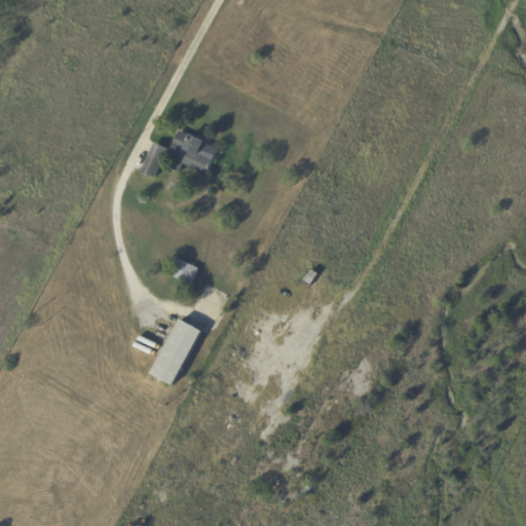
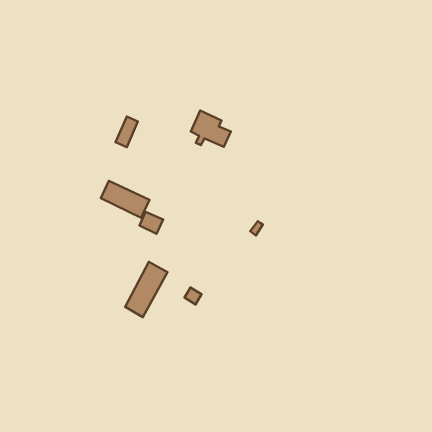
building: [166,129,215,174] -> [191,110,231,147]
building: none -> [101,181,150,218]

